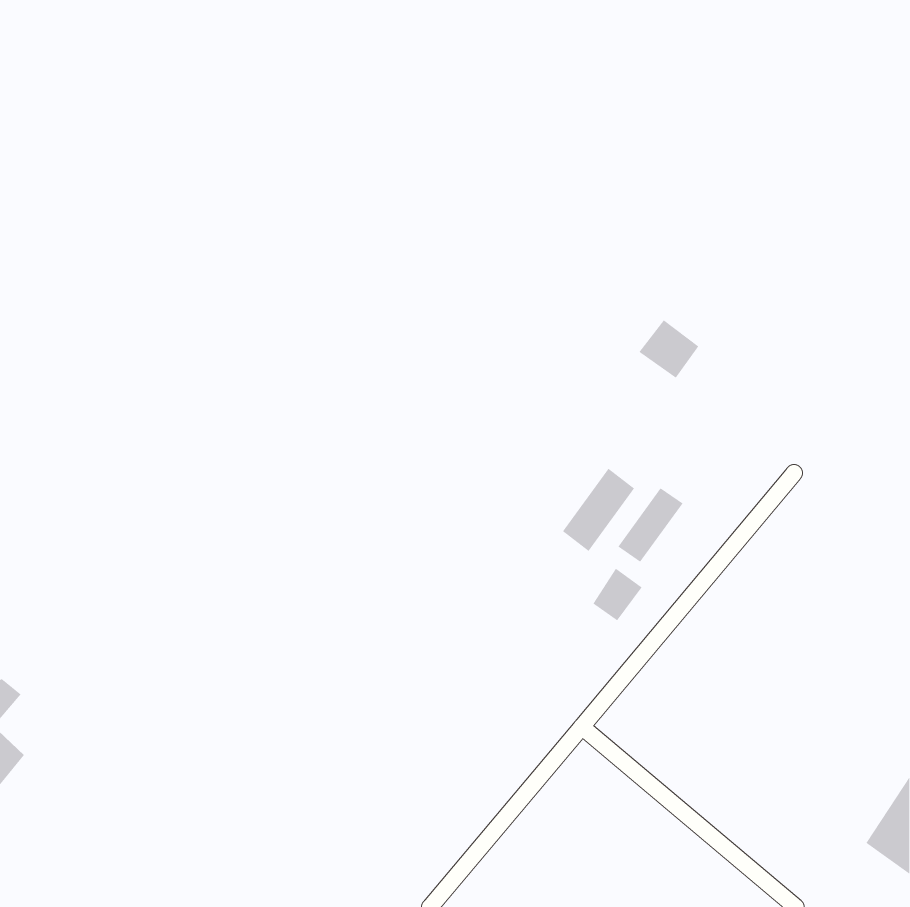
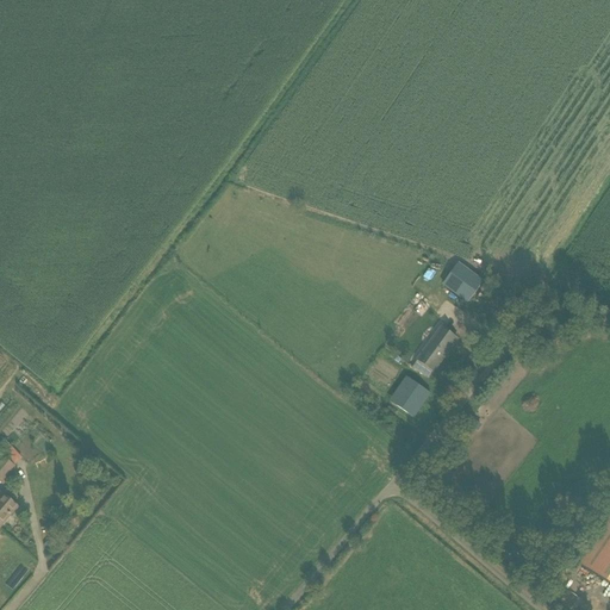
building: [639,320,699,378] -> [441,260,481,299]
building: [562,468,635,552] -> none

